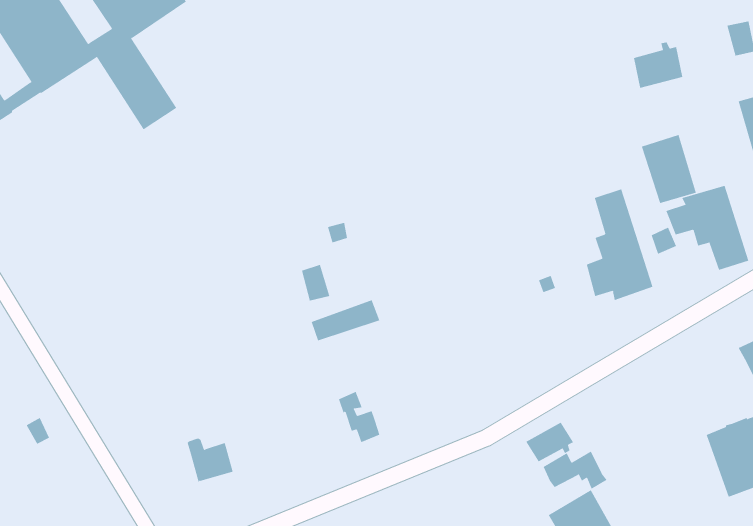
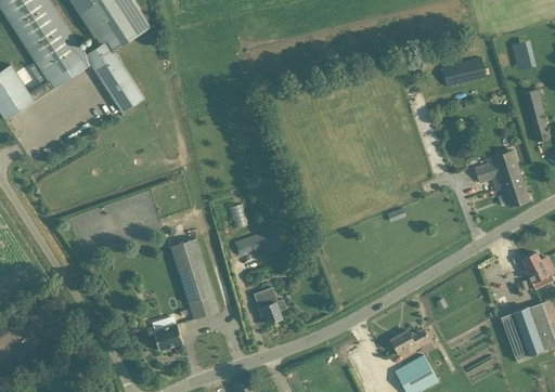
building: [641,134,697,204] -> none
building: [586,189,653,301] -> none
building: none -> [170,237,218,318]
building: [525,422,574,462] -> none

